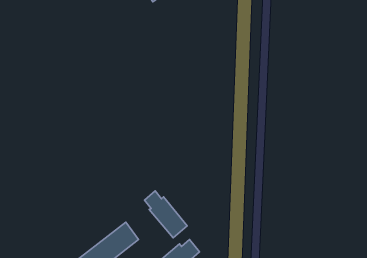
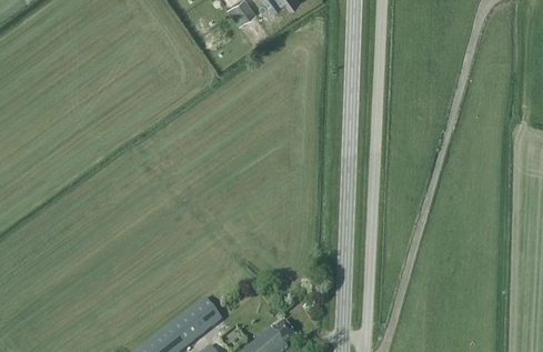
building: [145,191,187,238] -> none

